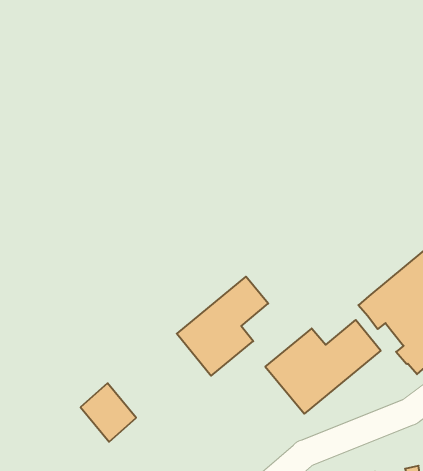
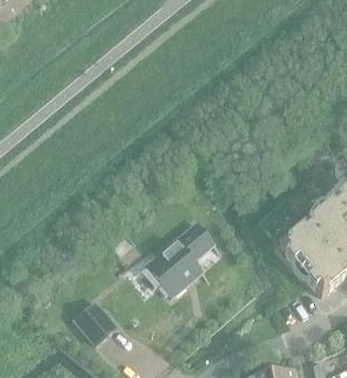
building: [265,320,381,414] -> none

